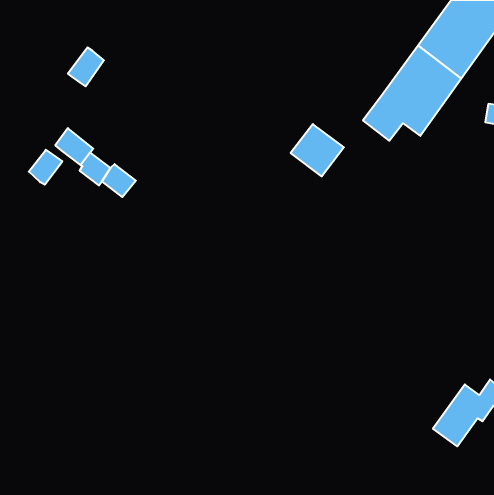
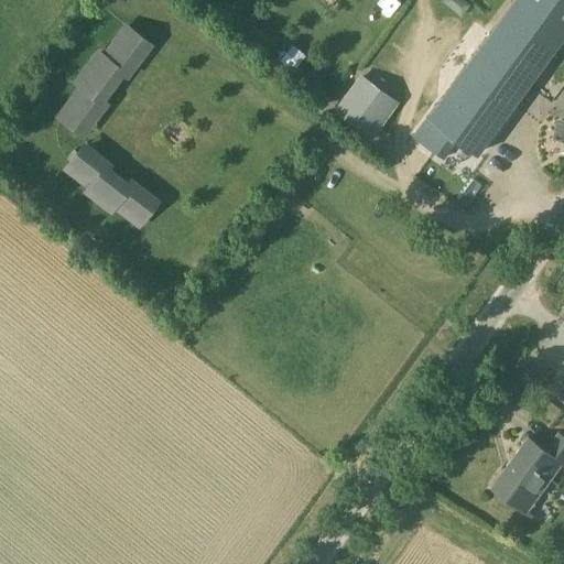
building: none -> [107,29,149,74]
building: none -> [62,88,104,133]
building: [291,124,344,176] -> [339,79,400,139]
building: [29,150,62,185] -> none

